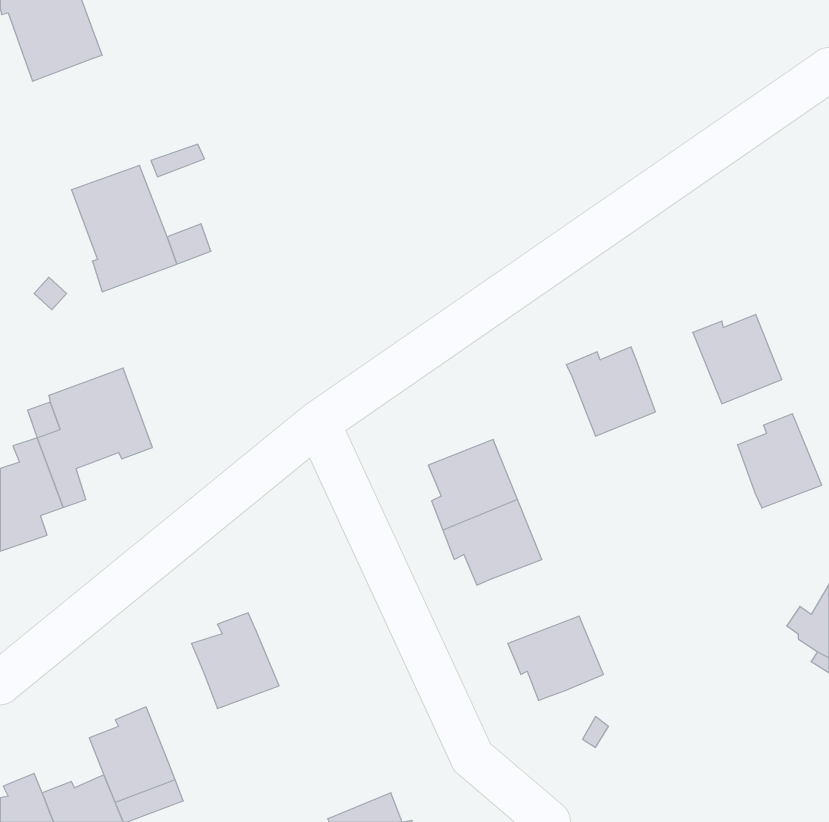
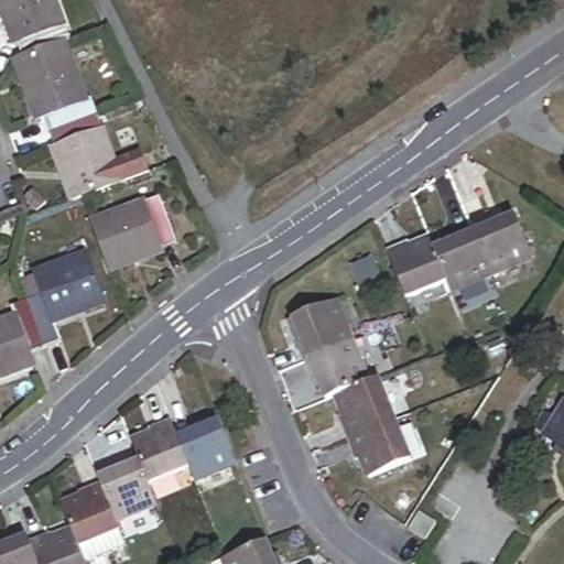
building: none -> [17,40,95,129]
building: none -> [91,194,175,269]
building: [737,414,822,508] -> [433,226,490,290]
building: none -> [334,377,393,437]
building: none -> [174,419,236,479]
building: none -> [94,458,156,519]

